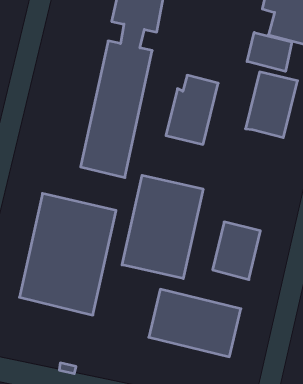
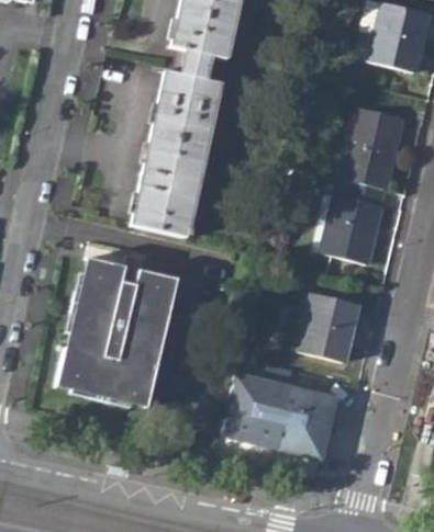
building: [247,32,292,71] -> none
building: [166,75,218,144] -> [322,178,387,263]
building: [122,175,203,279] -> none

